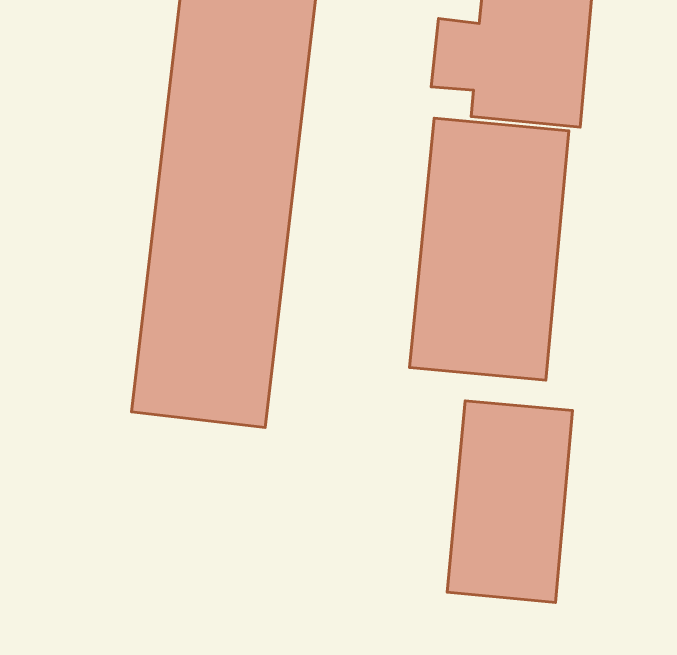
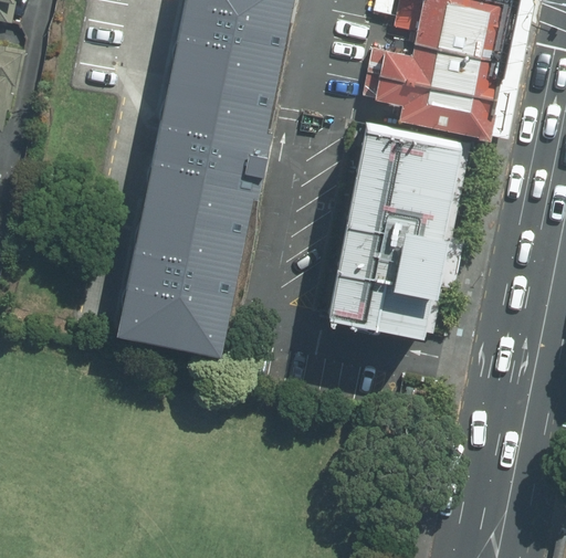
building: [447,401,572,602] -> none

